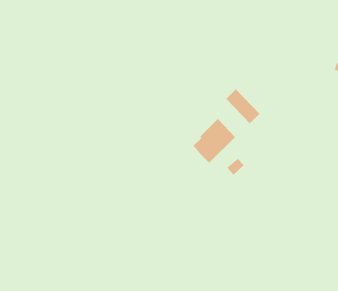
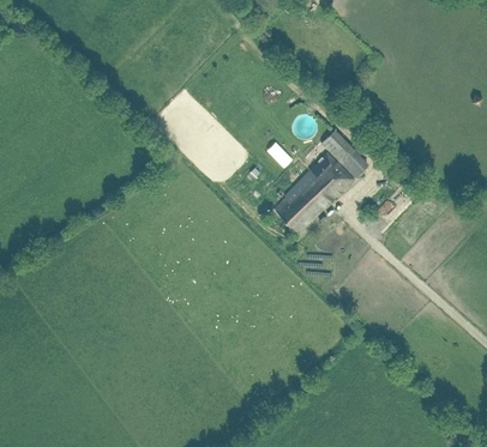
building: none -> [311,152,354,197]

